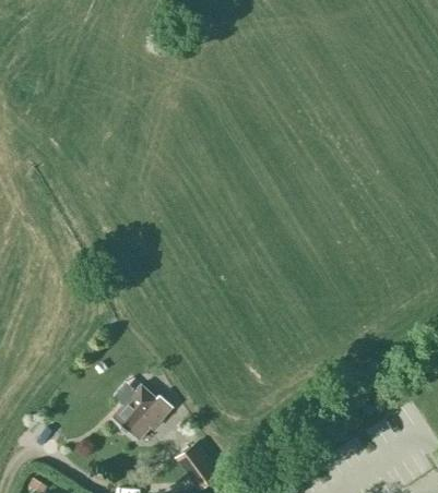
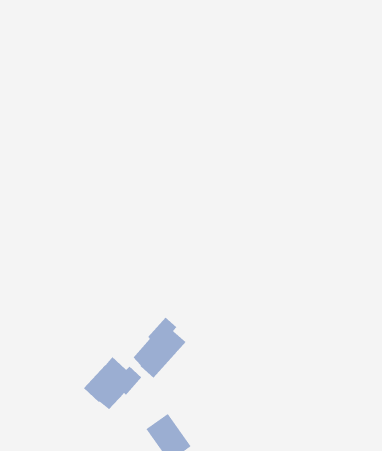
building: none -> [133,317,186,378]

